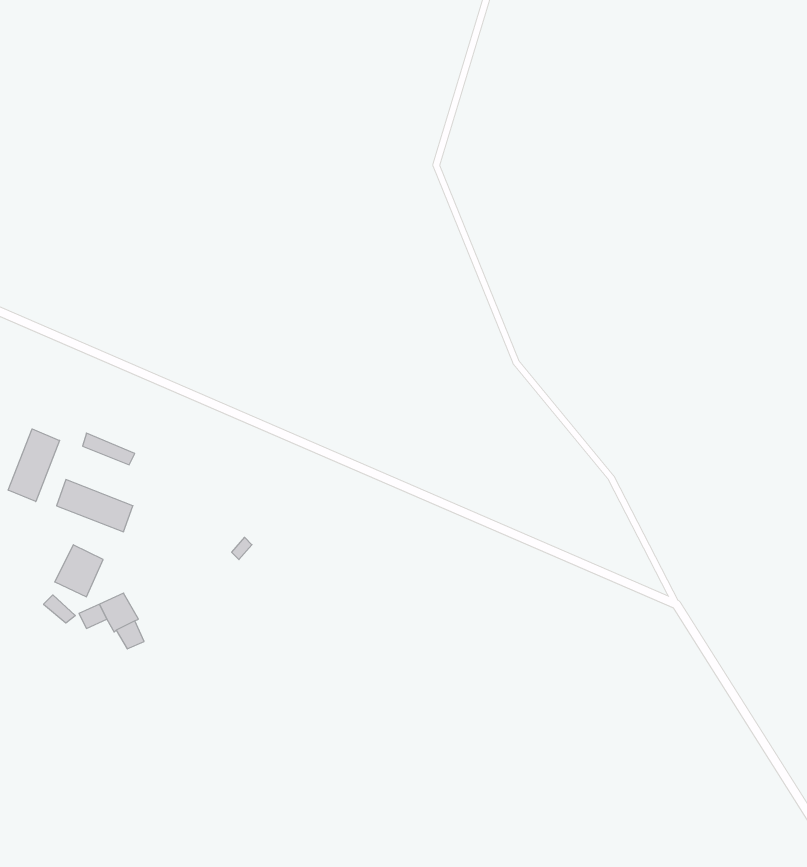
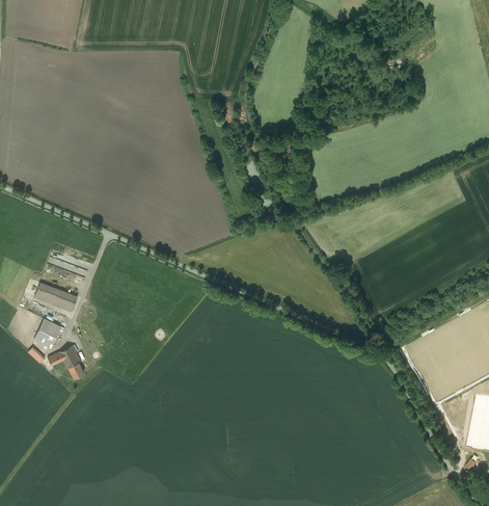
building: [8,429,60,502] -> none

